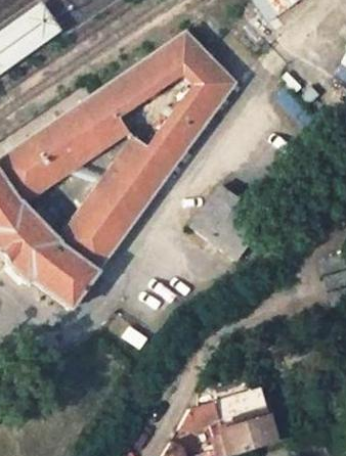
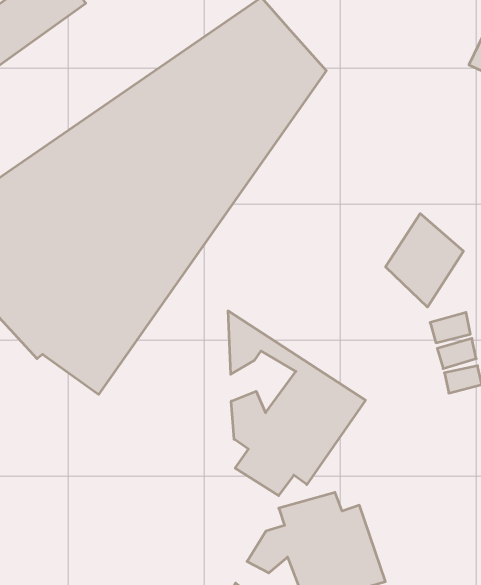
building: [194,178,250,244] -> [386,214,463,307]
building: none -> [228,311,365,496]

